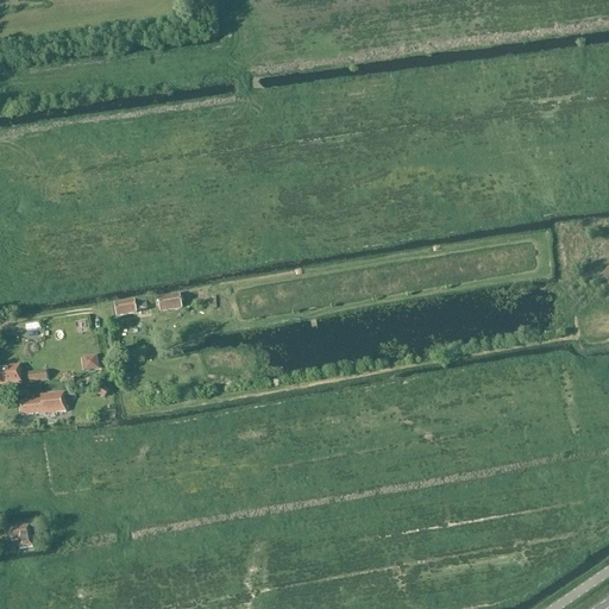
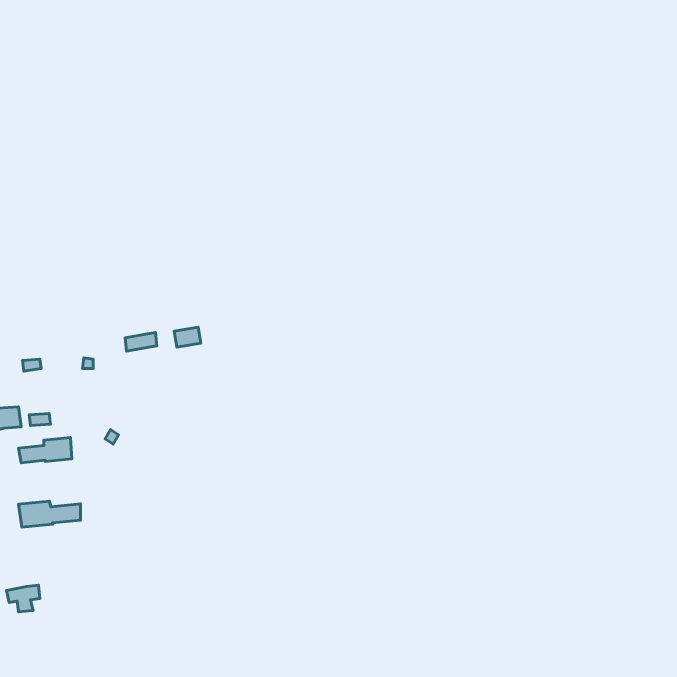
building: none -> [18,501,81,527]

